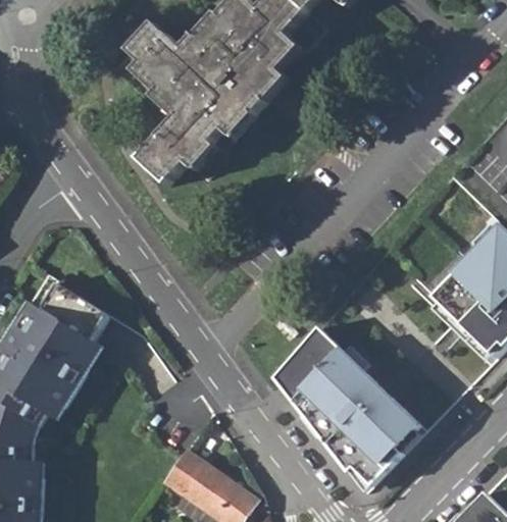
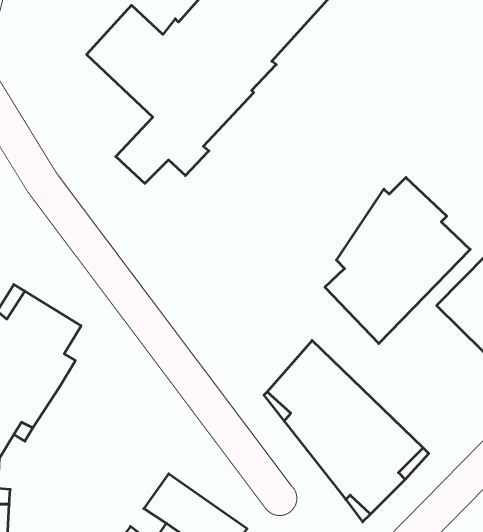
building: none -> [325,177,470,344]

